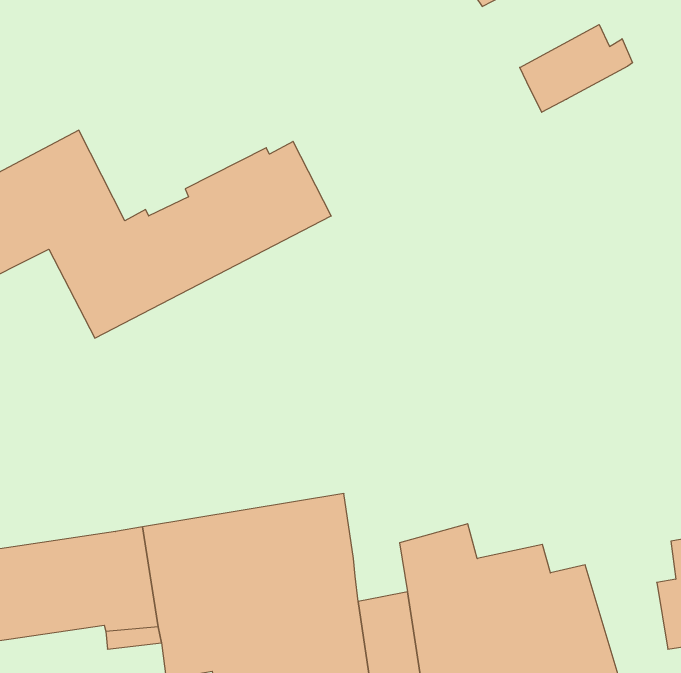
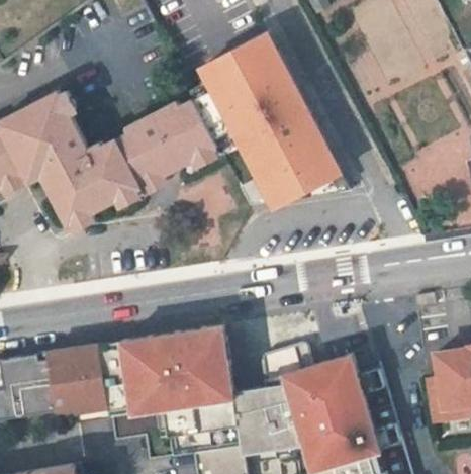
building: [520,25,632,112] -> none
building: none -> [200,37,340,206]

